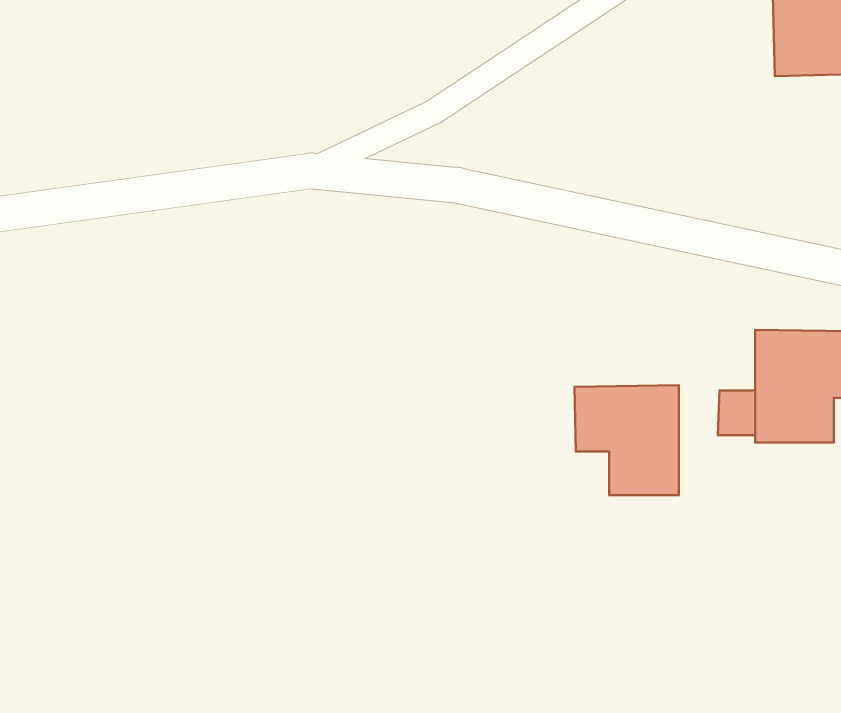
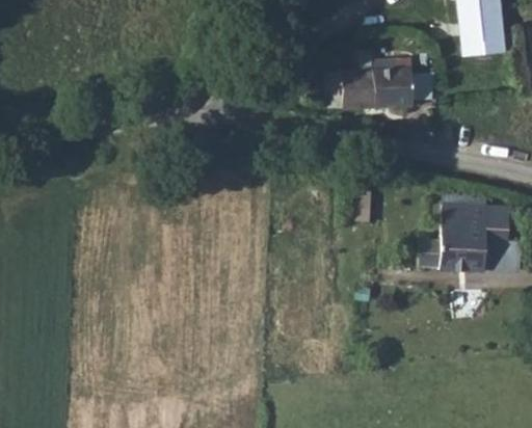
building: none -> [325,56,418,106]
building: [574,385,679,495] -> none

